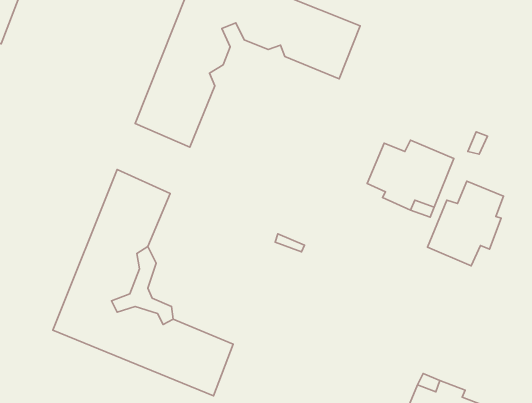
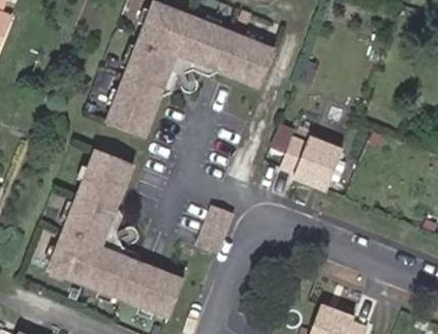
building: none -> [163,42,219,89]
building: [428,181,503,266] -> none

